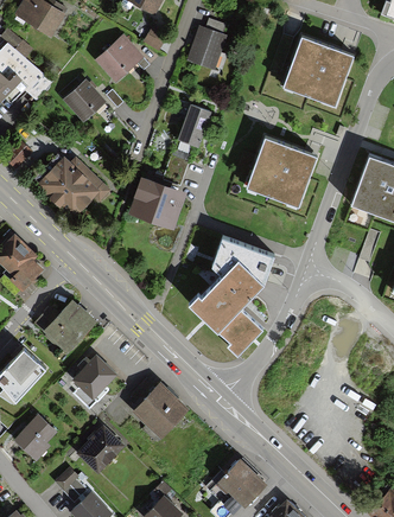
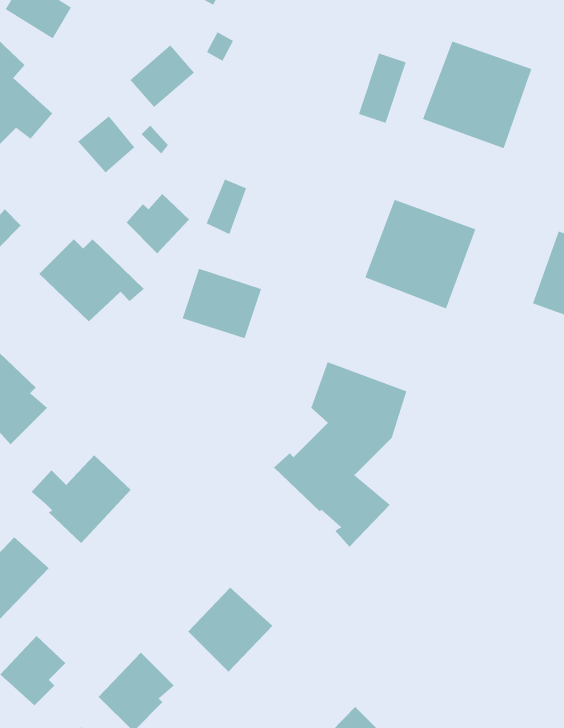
building: [192,23,223,68] -> [358,53,407,124]
building: [179,108,205,143] -> [206,179,247,235]
building: none -> [126,193,190,254]
building: [72,356,116,408] -> none

